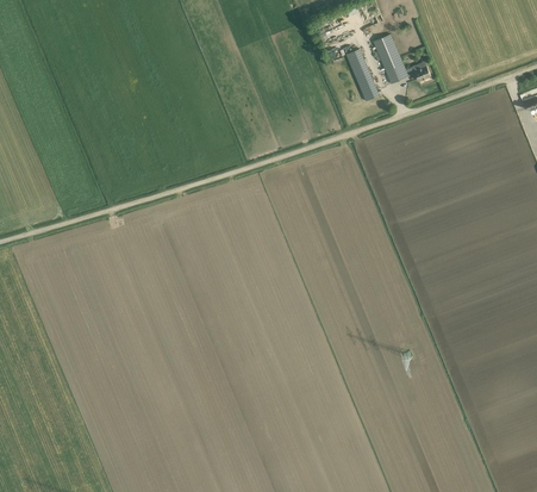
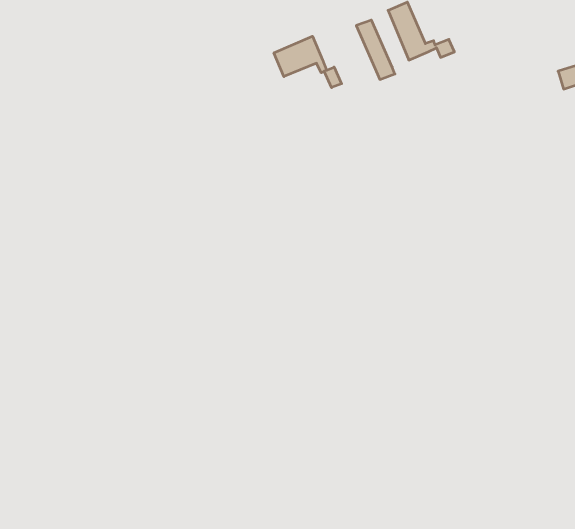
building: none -> [274,36,342,88]

